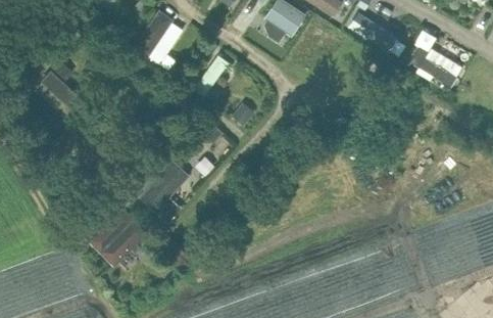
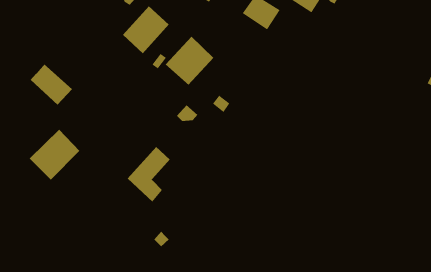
building: [349,12,396,50] -> none
building: [409,46,456,86] -> none
building: [90,209,145,264] -> [29,129,80,180]

